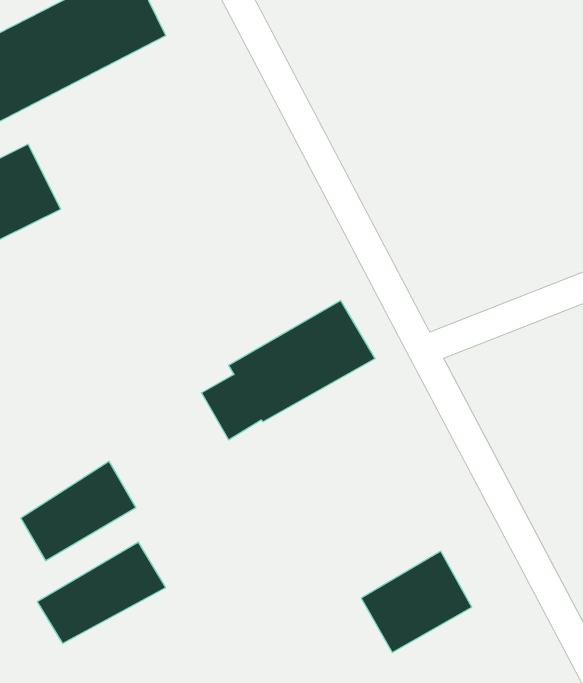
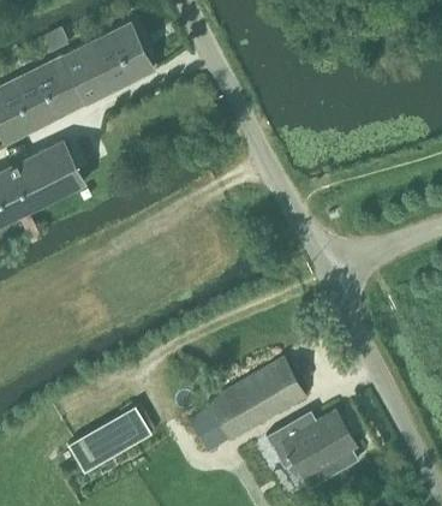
building: [201,300,375,440] -> [190,359,305,452]
building: [21,461,136,561] -> none

